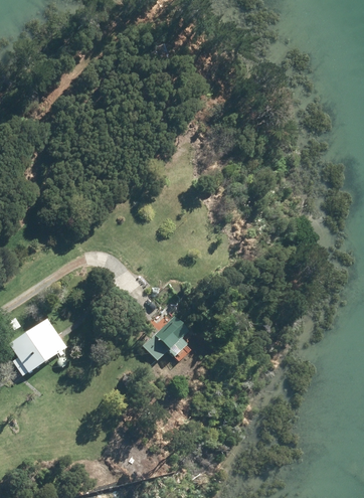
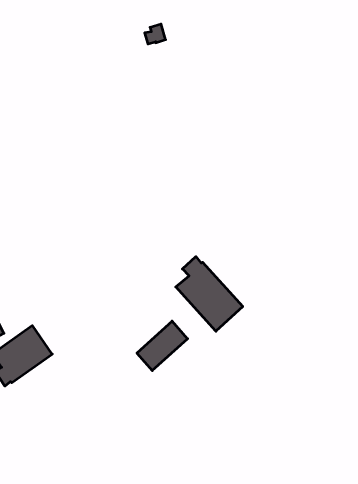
building: none -> [176,257,243,331]

